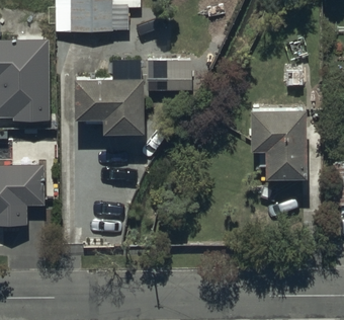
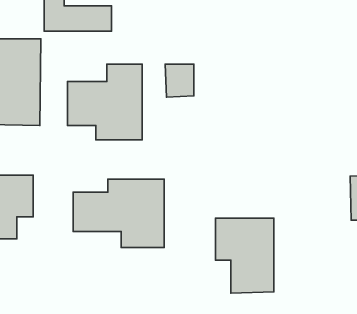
building: [252,110,306,179] -> [215,218,274,293]
building: none -> [73,179,164,247]

